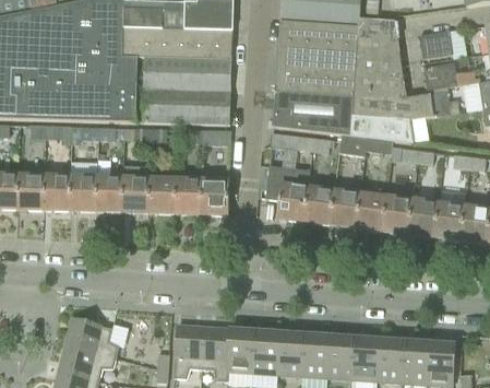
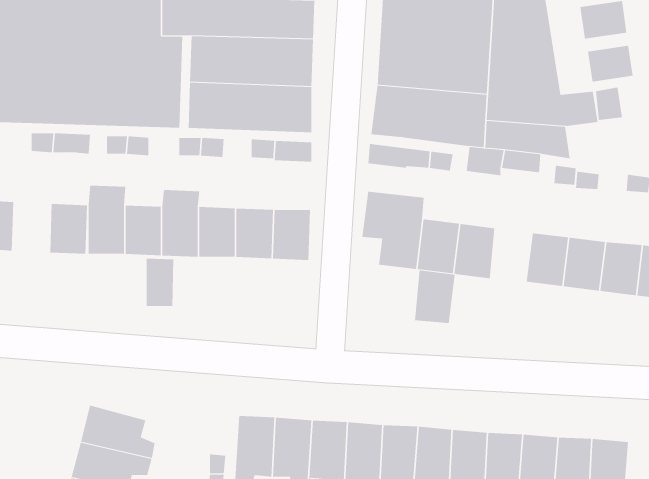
building: [16,173,44,209] -> none
building: [356,191,385,230] -> [414,270,456,324]
building: none -> [146,258,174,307]

